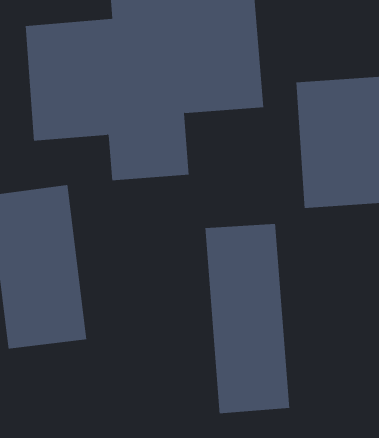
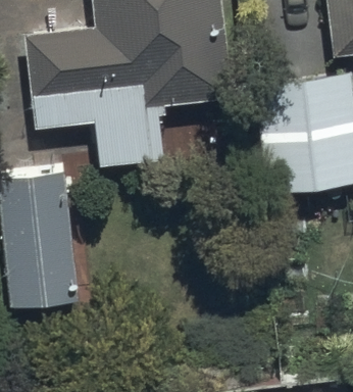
building: [205,223,290,414] -> none

